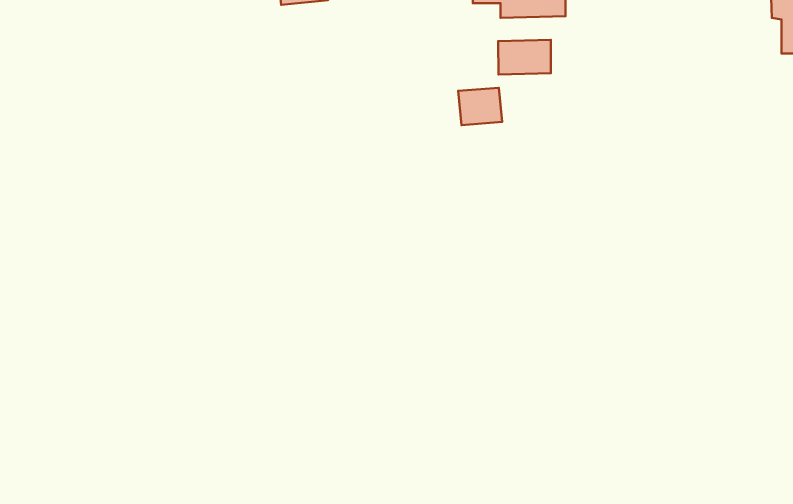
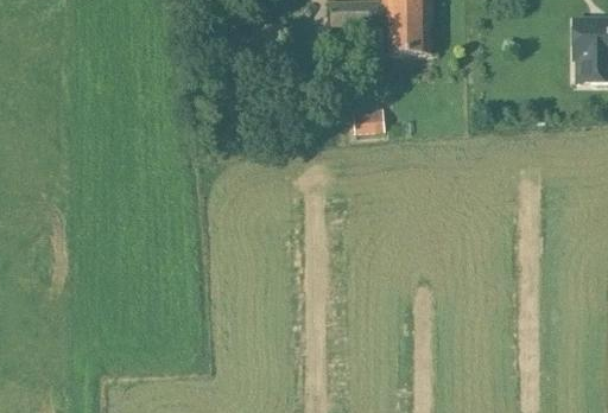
building: [498,40,551,74] -> none

